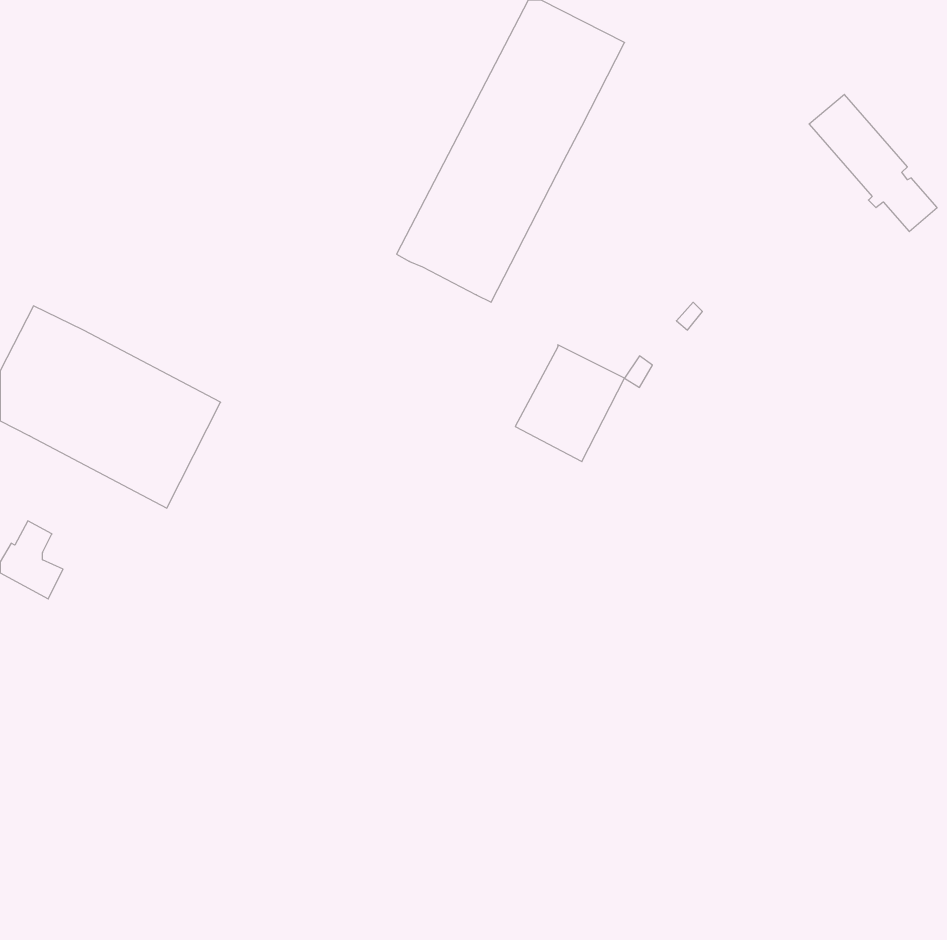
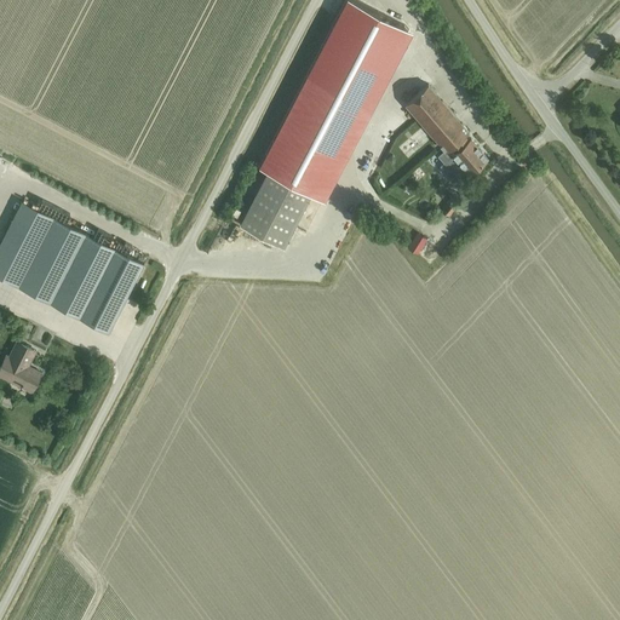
building: [809,94,937,232] -> [404,88,488,178]
building: [515,345,625,462] -> [240,176,311,252]

